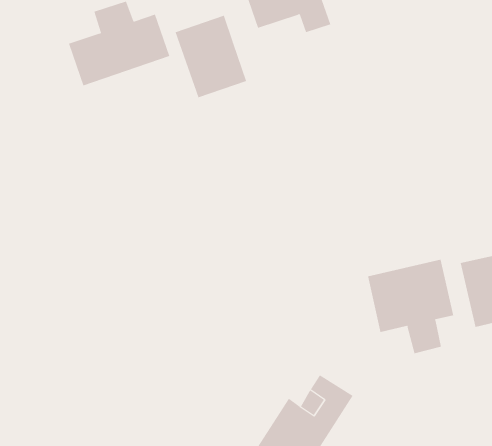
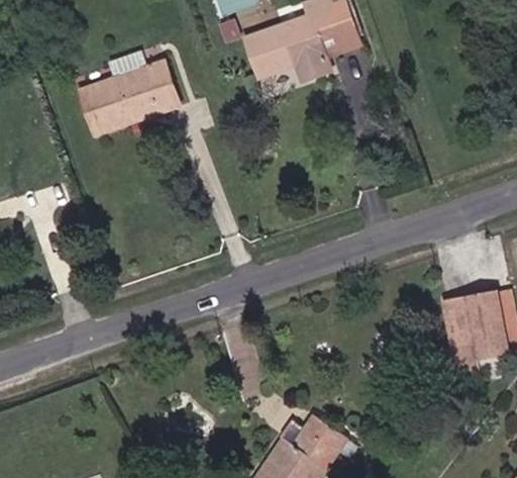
building: [175,15,247,98] -> none
building: [367,259,454,354] -> none

